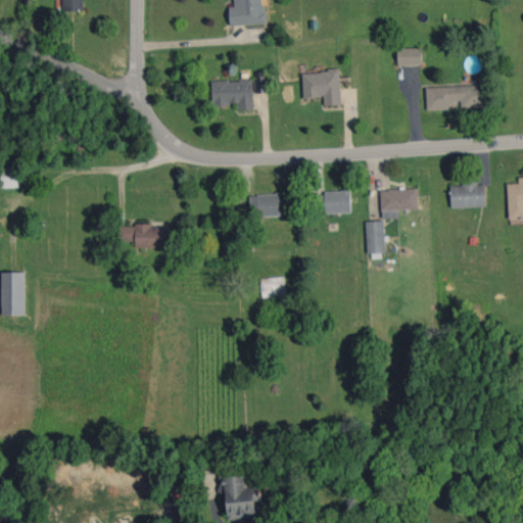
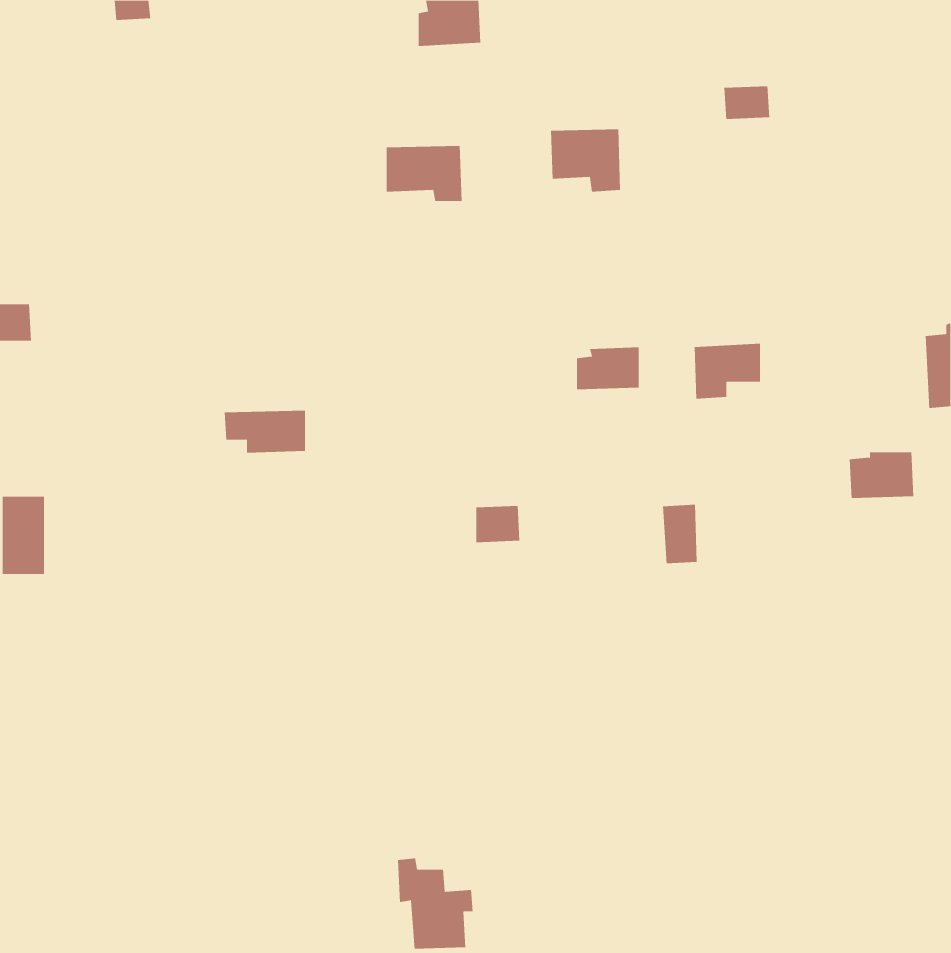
building: [426,85,484,109] -> none
building: [449,182,485,207] -> [849,452,914,498]
building: [249,194,285,217] -> none
building: [365,221,384,253] -> [662,504,698,564]

